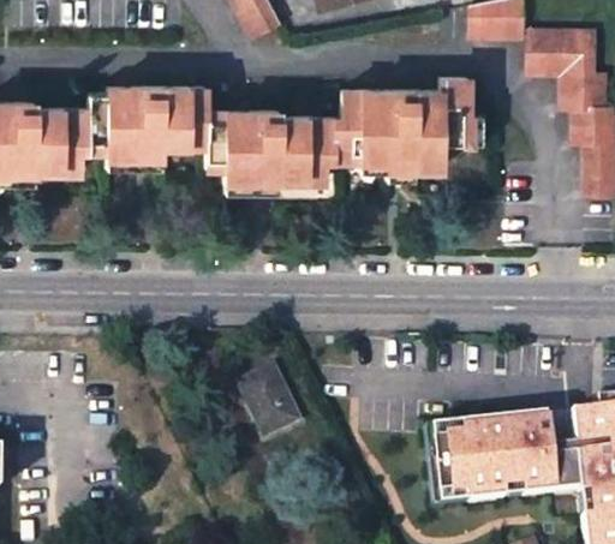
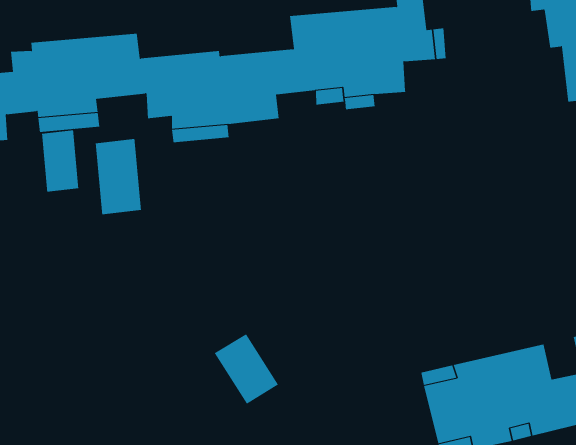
building: none -> [41,129,79,193]
building: none -> [95,138,142,215]

